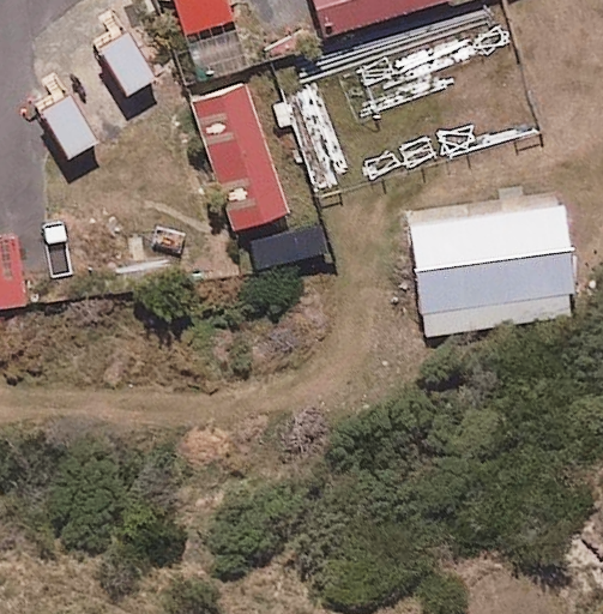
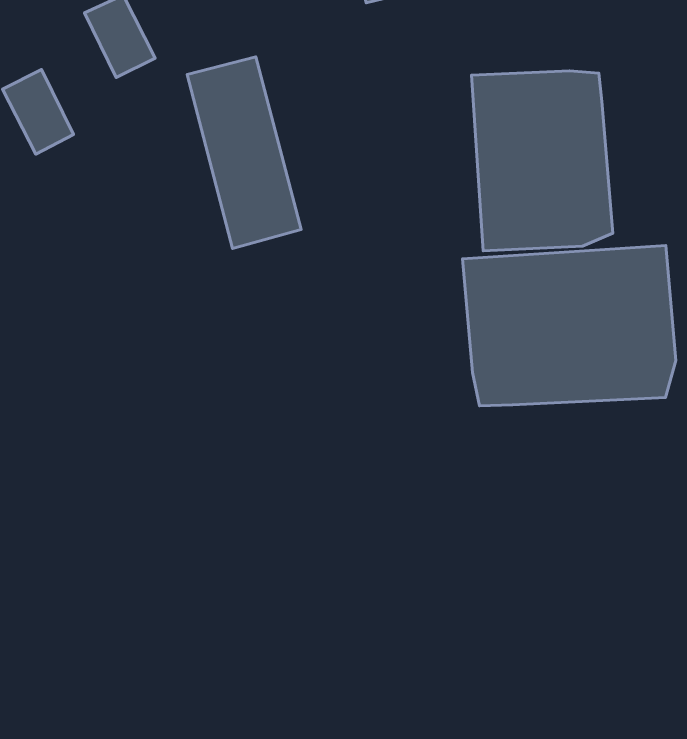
building: none -> [472,71,613,251]

